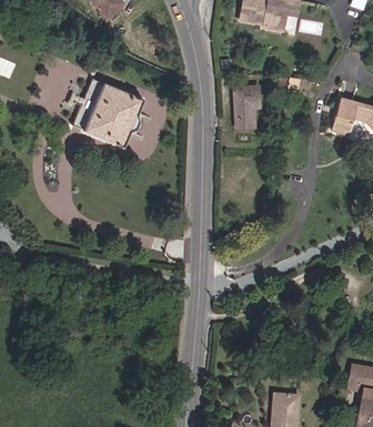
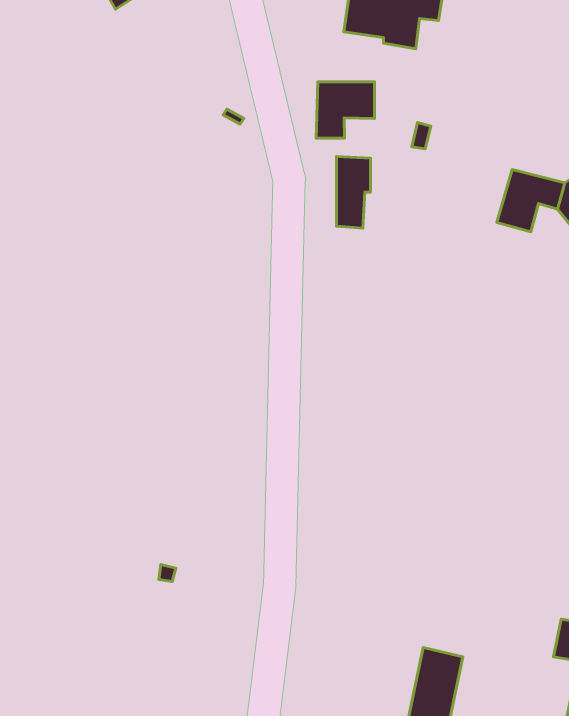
building: none -> [316,82,375,138]
building: [84,81,142,145] -> none

